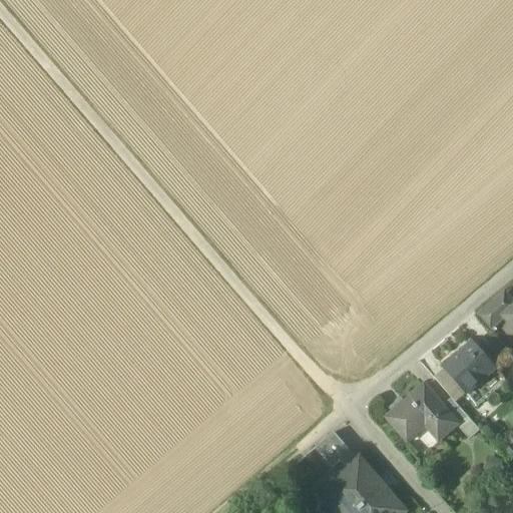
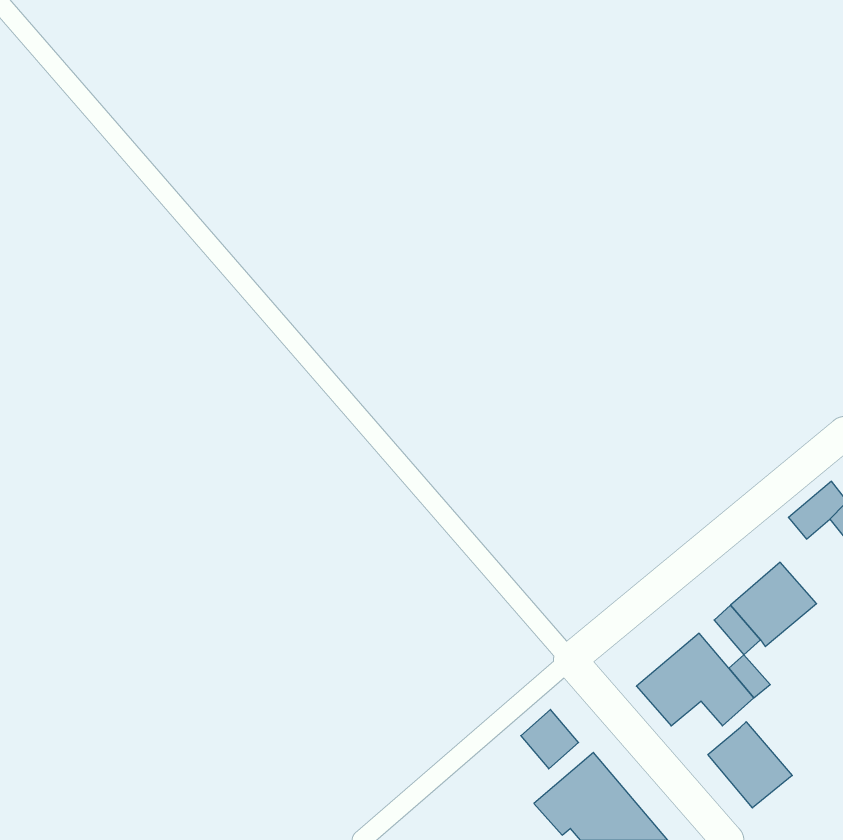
building: none -> [708,722,792,808]

